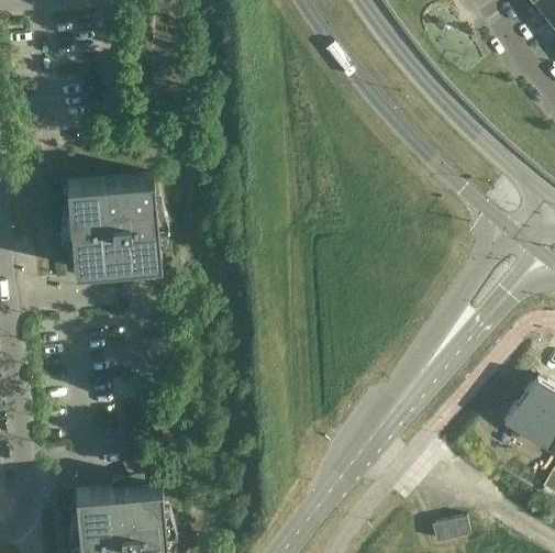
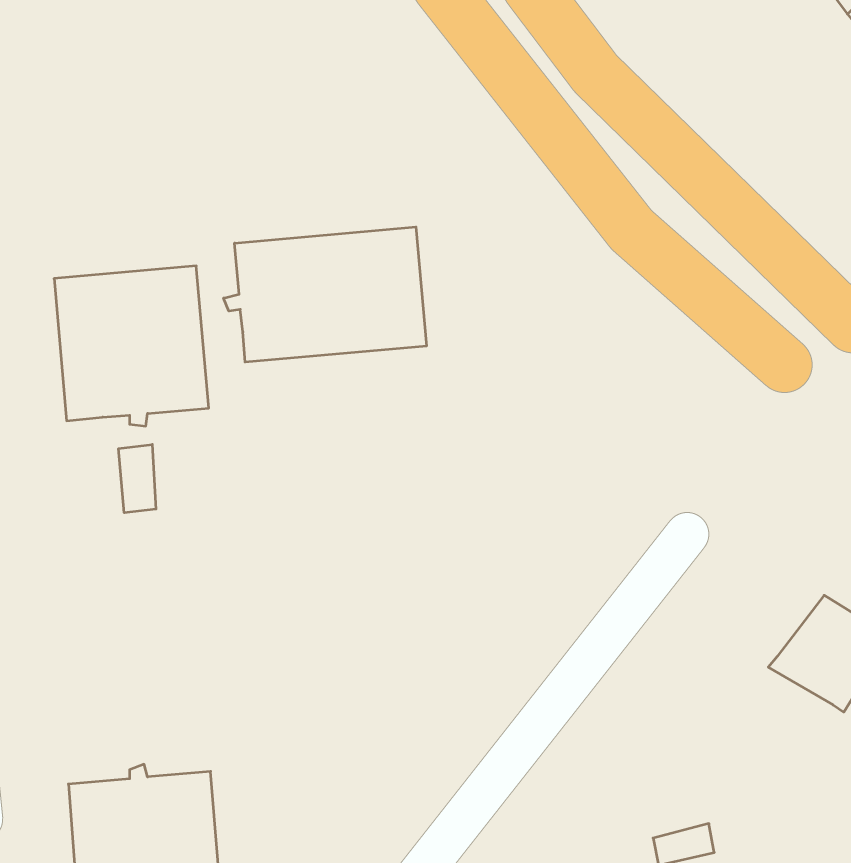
building: none -> [224,227,426,362]
building: none -> [119,444,156,513]

